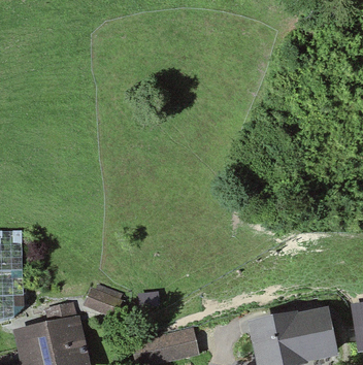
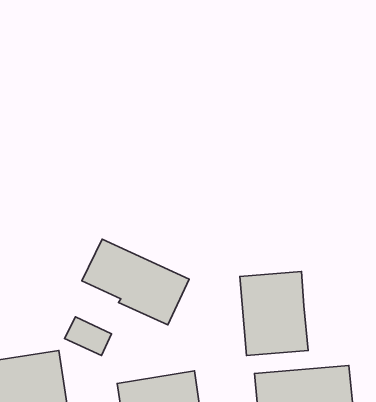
building: none -> [82,239,189,325]
building: none -> [240,271,308,356]

